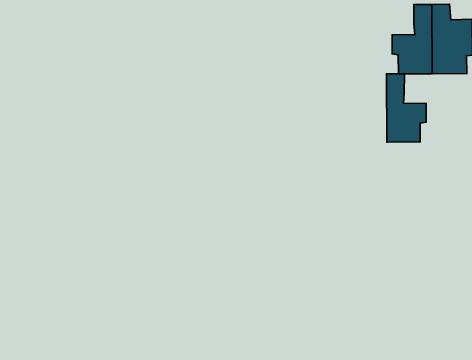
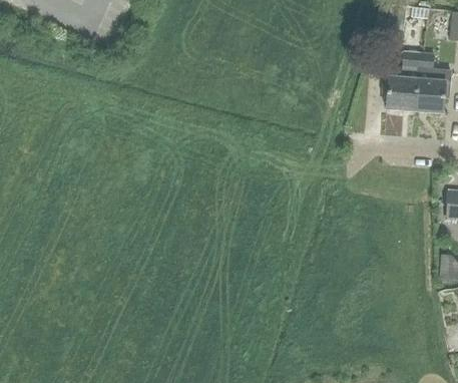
building: [387,74,426,142] -> none

